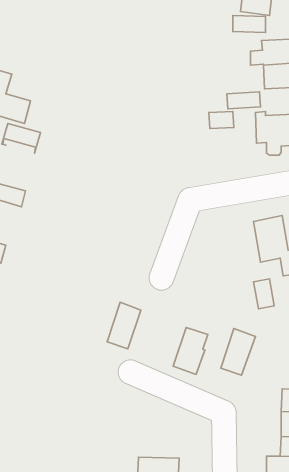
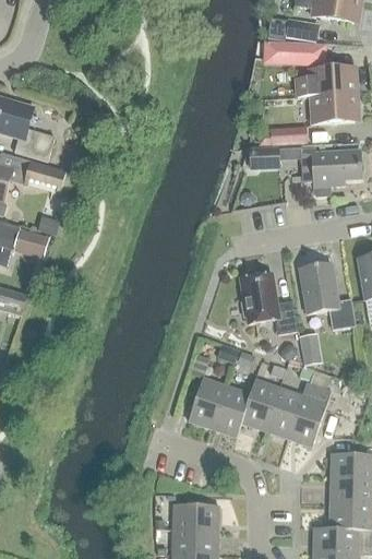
building: none -> [239,273,297,334]
building: [107,302,141,349] -> [188,377,225,428]
building: none -> [241,379,277,430]
building: none -> [286,381,331,447]
building: none -> [172,503,218,530]

